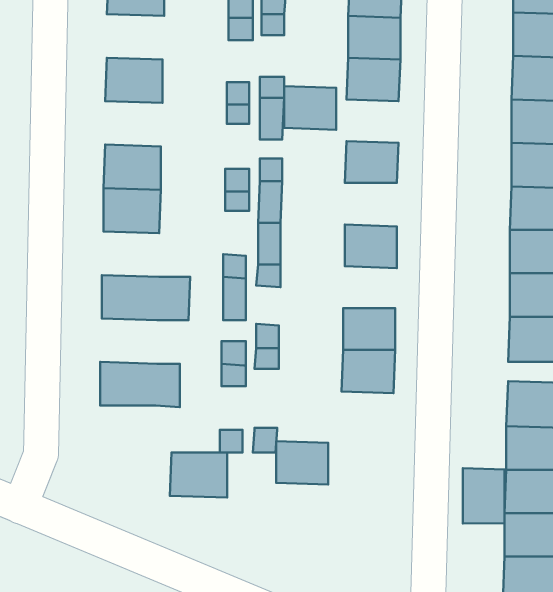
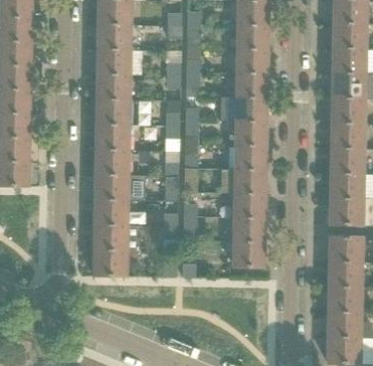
building: none -> [98,23,131,49]
building: [284,86,336,130] -> [236,72,266,98]
building: none -> [97,73,130,100]
building: none -> [235,121,265,146]
building: none -> [95,149,128,175]
building: none -> [221,168,265,193]
building: none -> [94,199,127,225]
building: [276,441,328,485] -> [233,241,263,266]
building: [170,452,227,498] -> [92,249,126,276]
building: [463,468,505,524] -> none

